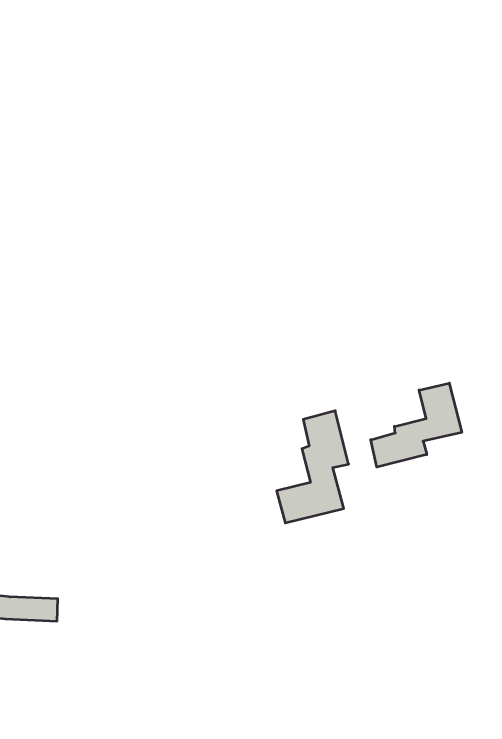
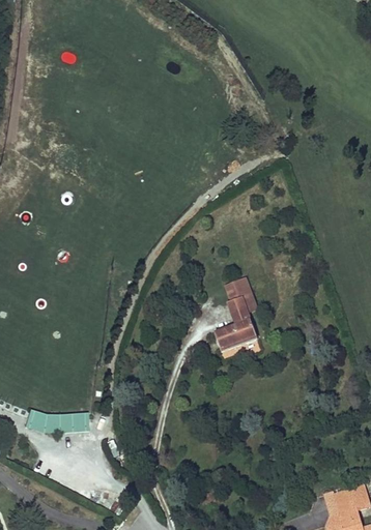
building: [371,383,462,467] -> none

